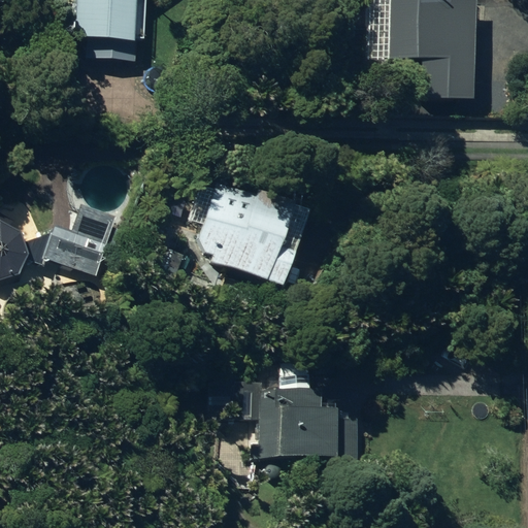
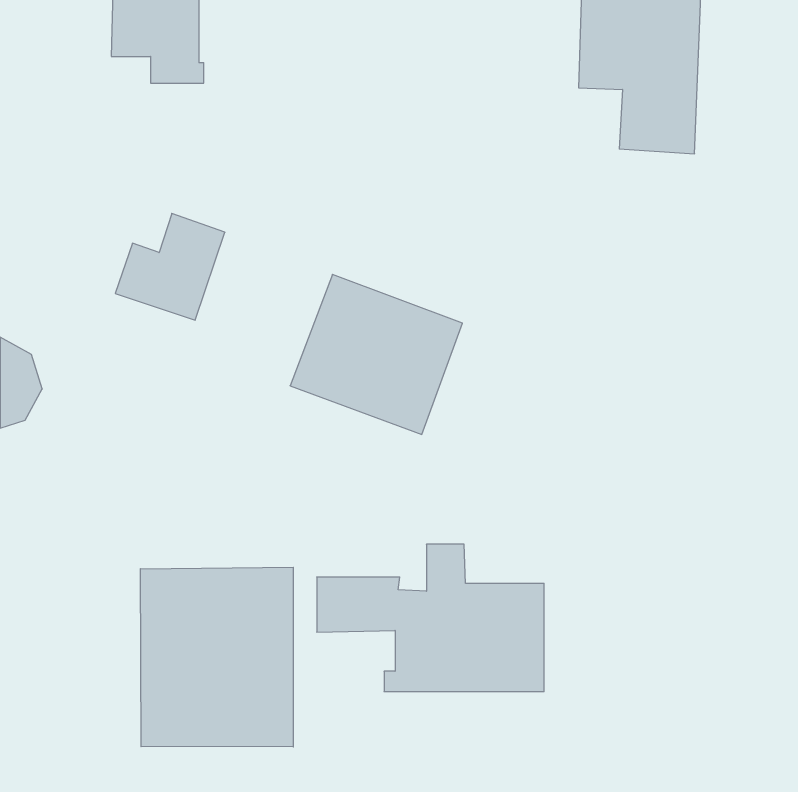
building: [45,202,118,272] -> [115,213,225,320]
building: none -> [140,567,293,747]

